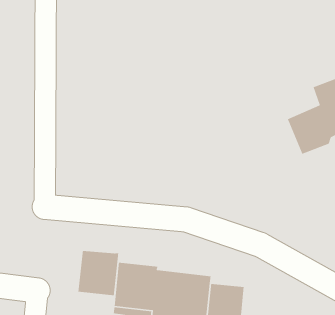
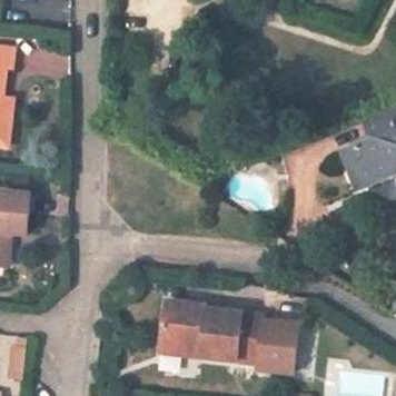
building: [78,250,119,296] -> none

